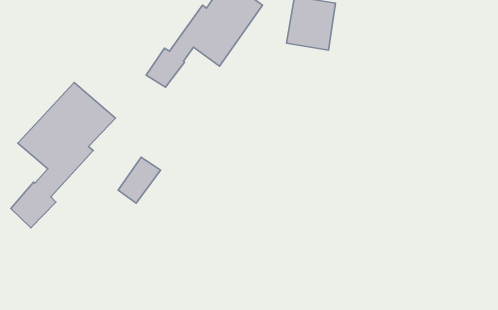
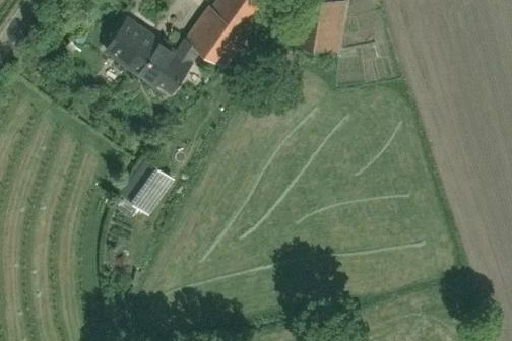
building: none -> [111,22,170,80]
building: [11,82,115,228] -> none

